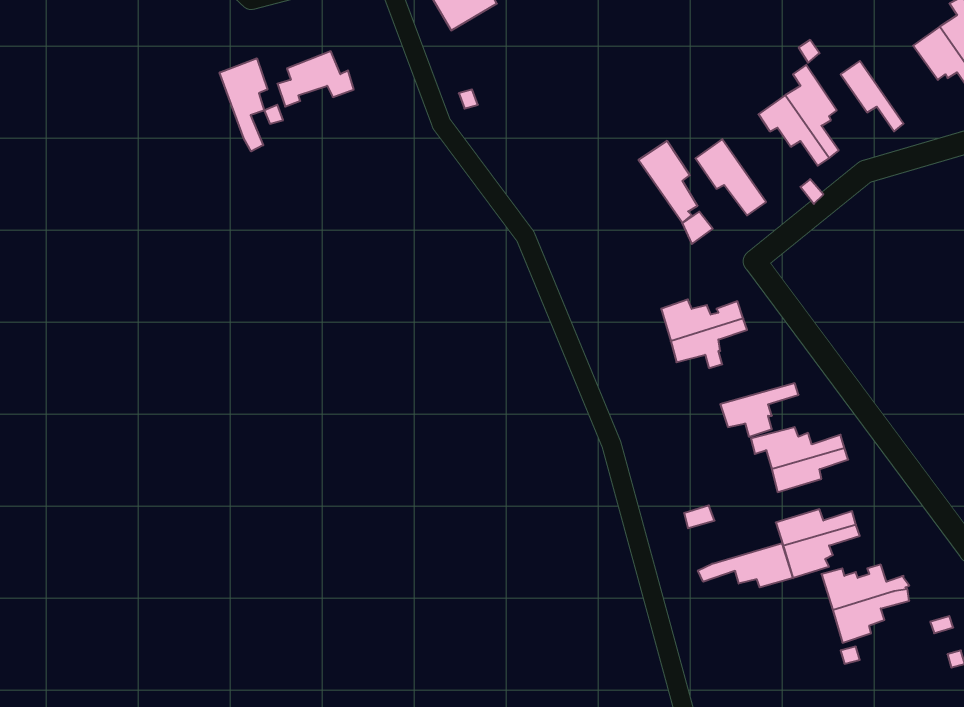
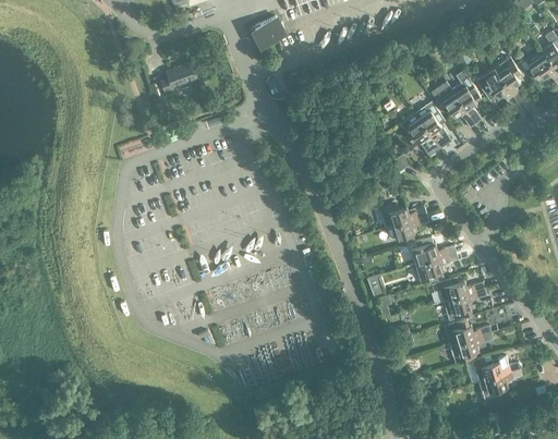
building: none -> [493,57,525,103]
building: [220,58,267,151] -> none
building: [638,141,698,223] -> [414,101,448,148]
building: none -> [409,244,456,264]
building: [698,543,793,587] -> none

